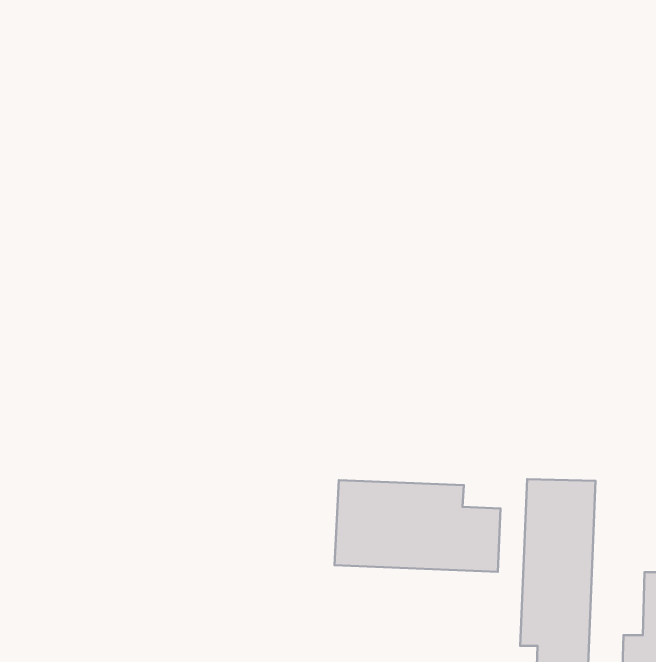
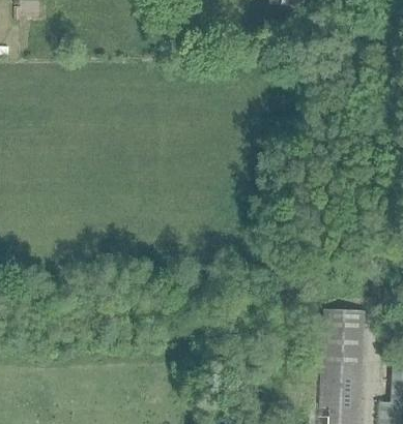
building: [335,480,500,572] -> none

